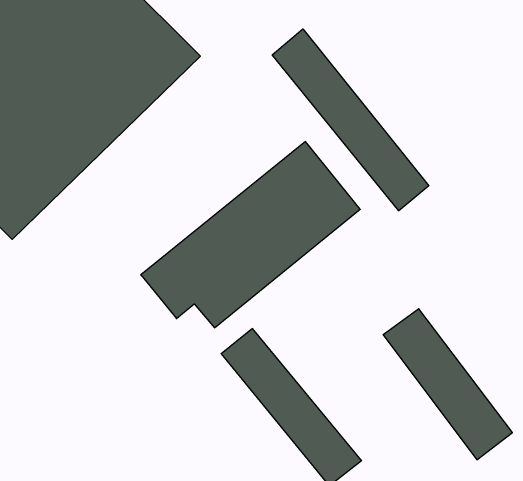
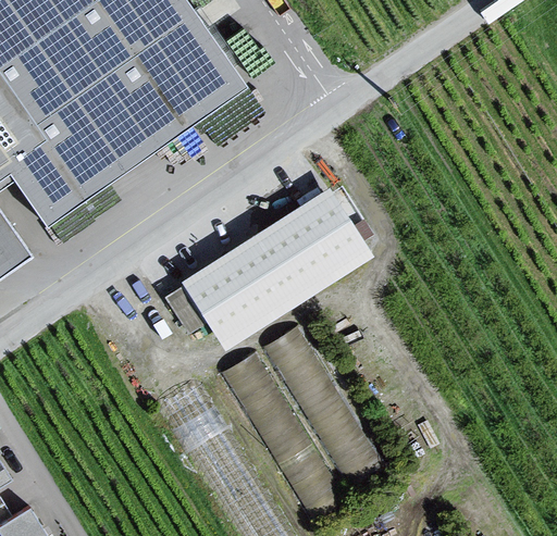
building: [272,29,429,211] -> none
building: [383,309,512,460] -> [265,321,370,469]

